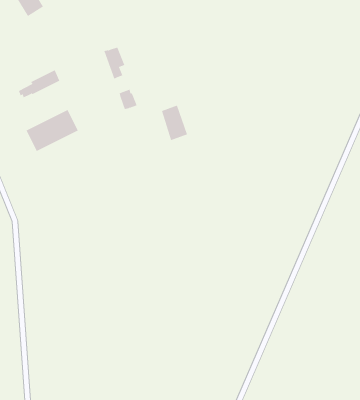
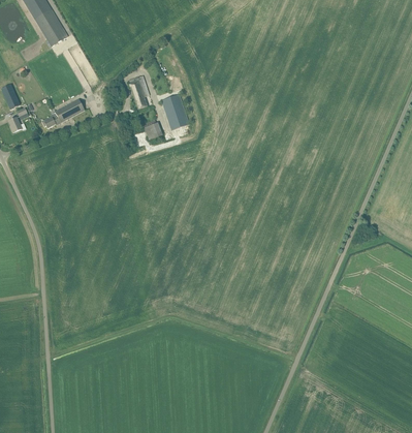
building: [161,105,188,141] -> [161,93,188,129]
building: [26,109,79,152] -> none

